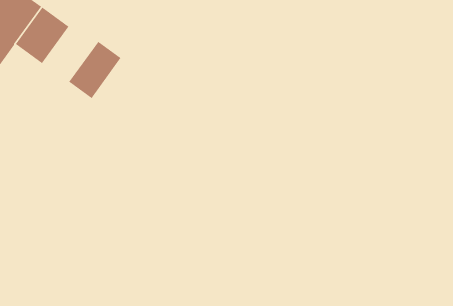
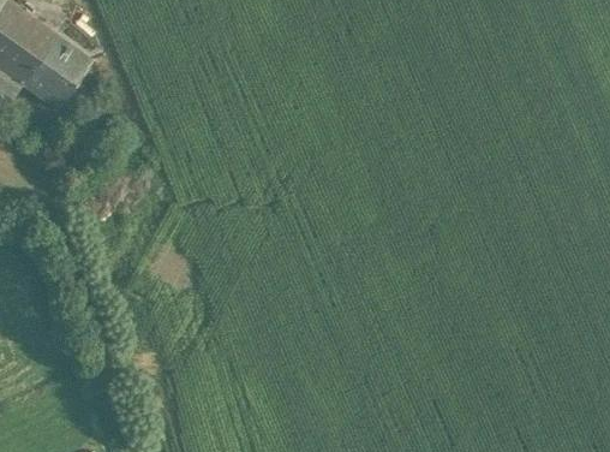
building: [68,41,122,99] -> none

